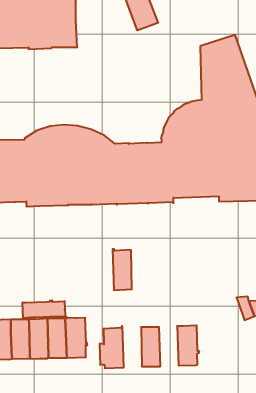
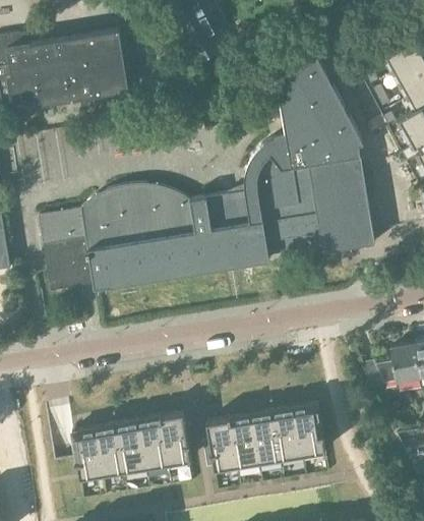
building: [113,249,132,290] -> [229,416,258,467]
building: [23,300,65,318] -> none
building: none -> [272,409,302,460]

